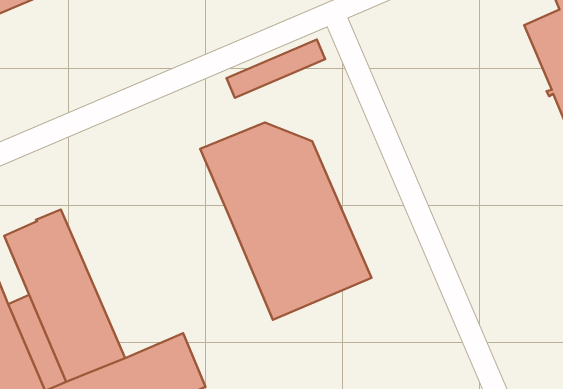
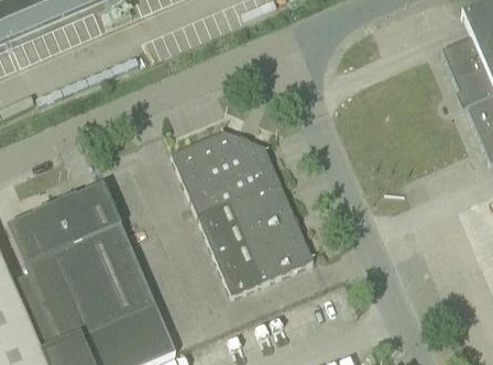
building: [227,40,325,98] -> none
building: none -> [54,180,156,324]

